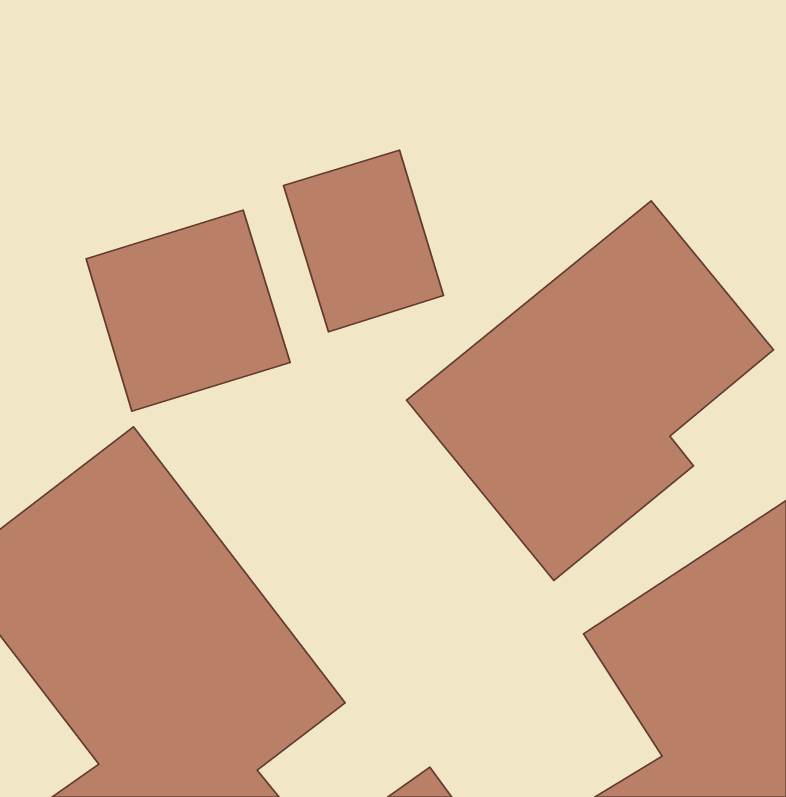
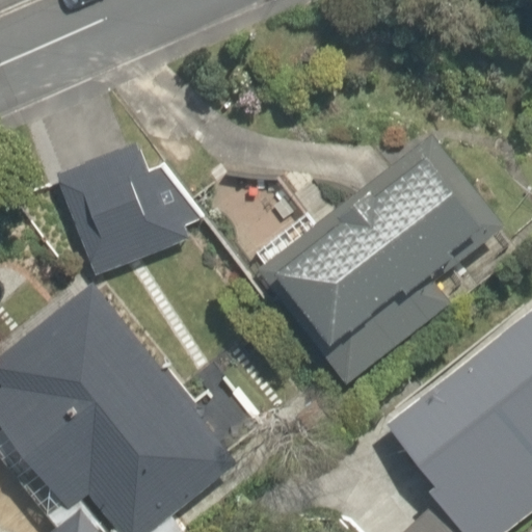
building: [283,150,444,332] -> none

